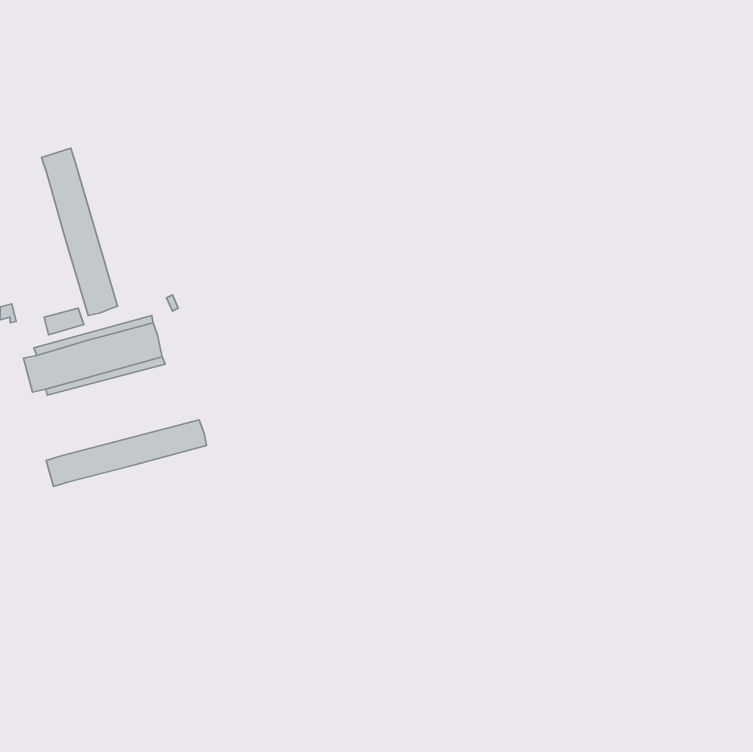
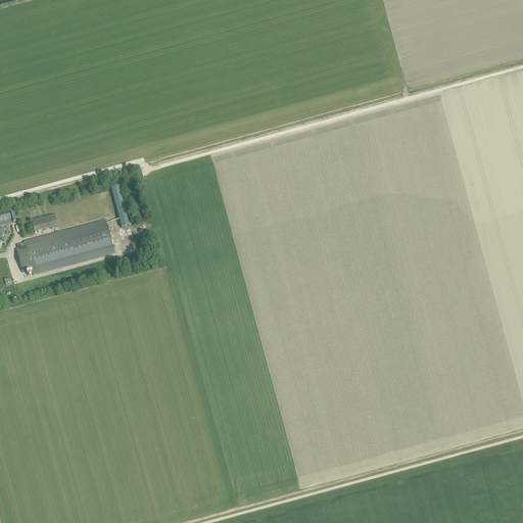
building: [41,148,117,315] -> none
building: [46,420,207,486] -> none

